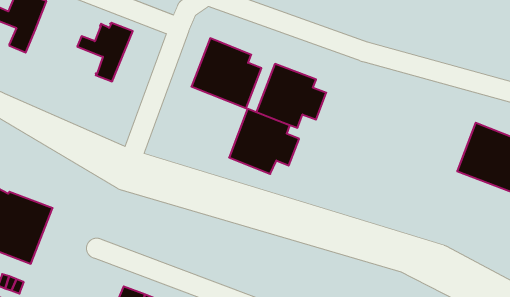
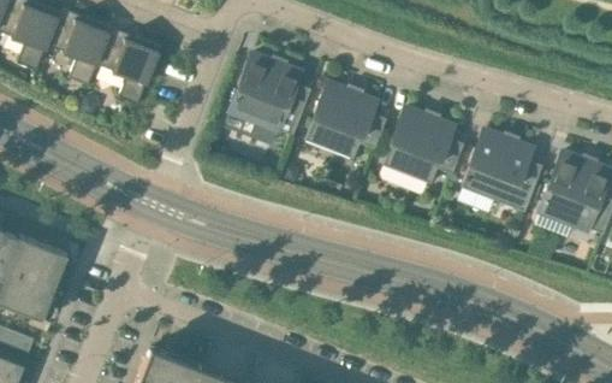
building: none -> [47,14,111,84]
building: none -> [462,130,542,211]
building: [229,109,299,174] -> [382,107,464,183]

